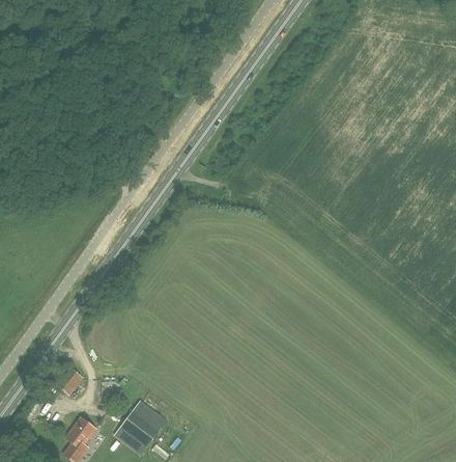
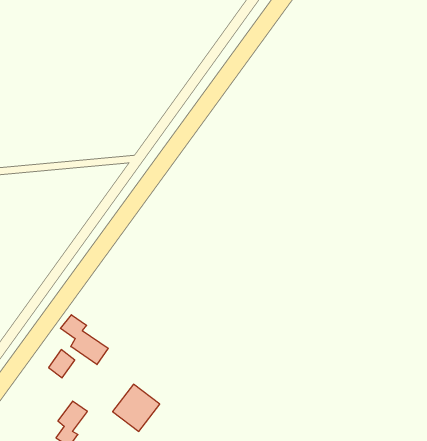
building: none -> [60,315,108,365]

